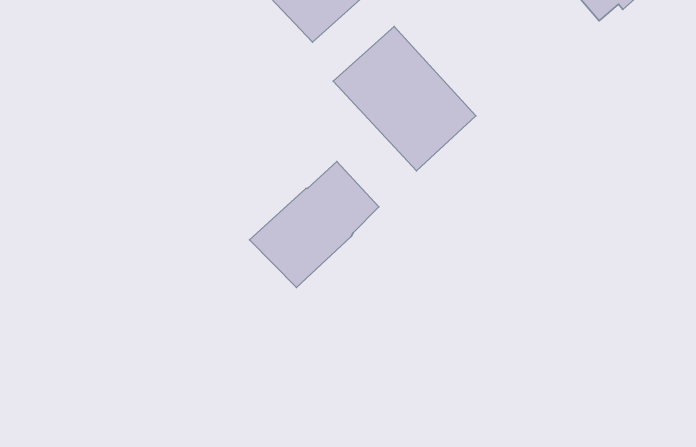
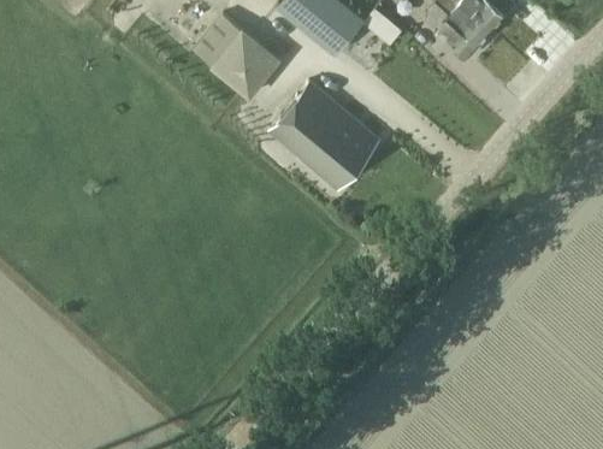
building: [249,162,379,288] -> none

